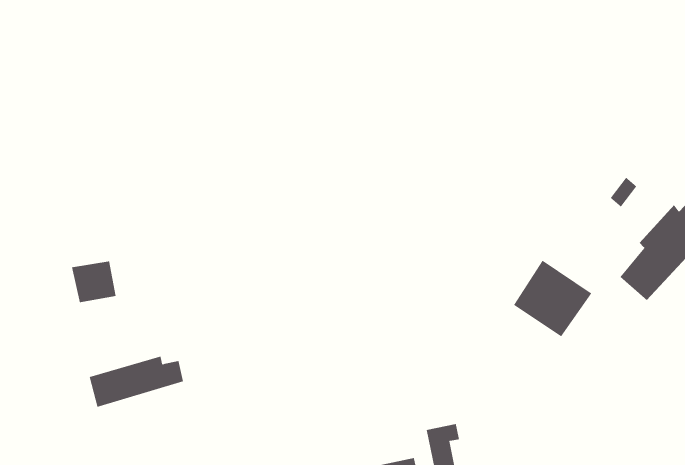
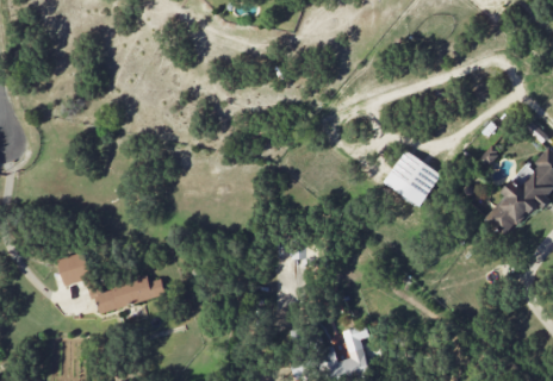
building: [513,260,592,337] -> [383,149,441,206]
building: [71,261,116,303] -> [57,252,91,283]

